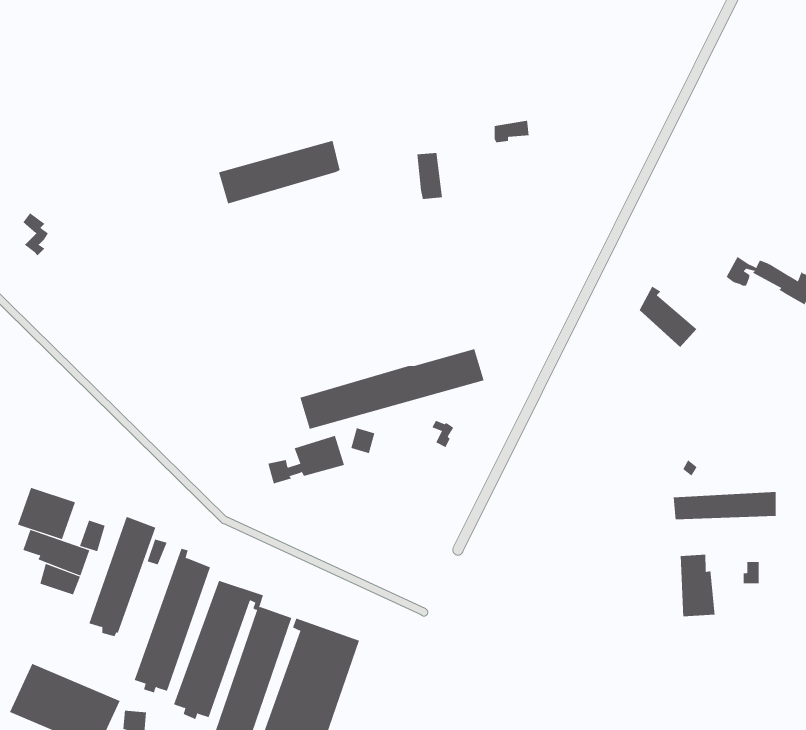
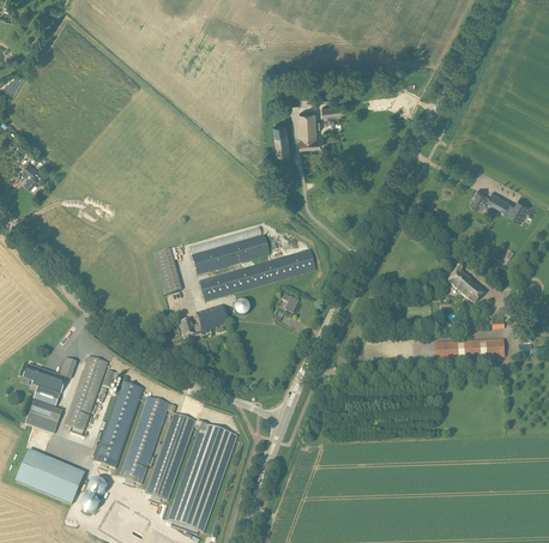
building: none -> [300,110,320,147]
building: [218,140,341,204] -> [192,234,270,274]
building: [639,286,697,348] -> [448,264,485,303]
building: none -> [152,248,181,294]
building: [17,487,76,540] -> [25,399,62,433]
building: [680,554,715,617] -> none

